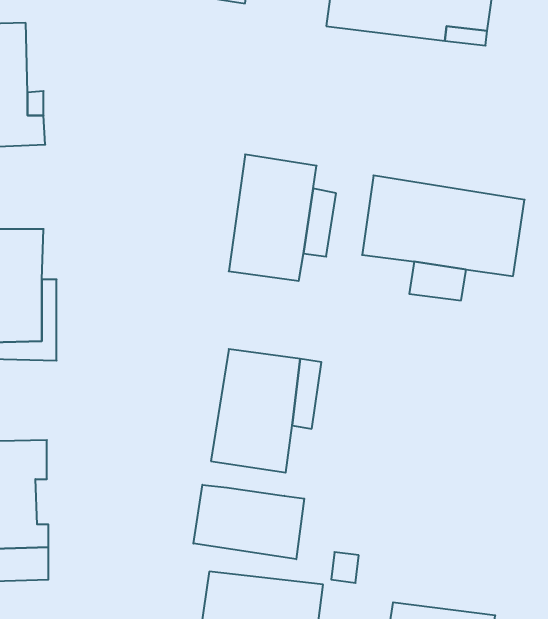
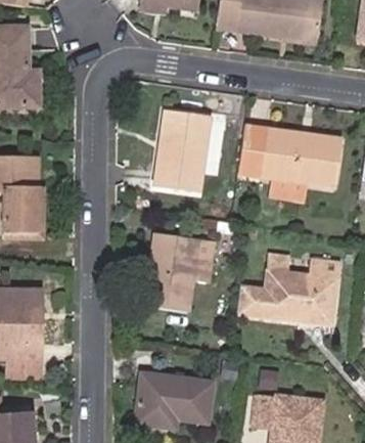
building: none -> [236,254,339,323]
building: [193,485,304,559] -> none

